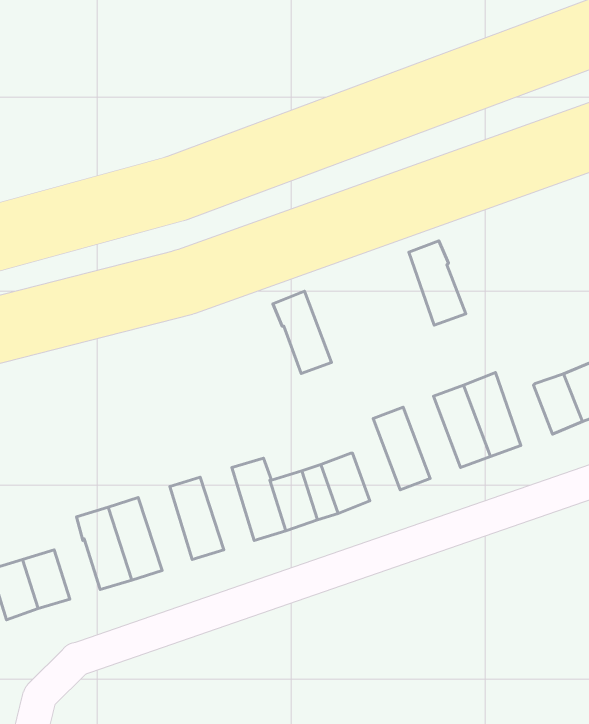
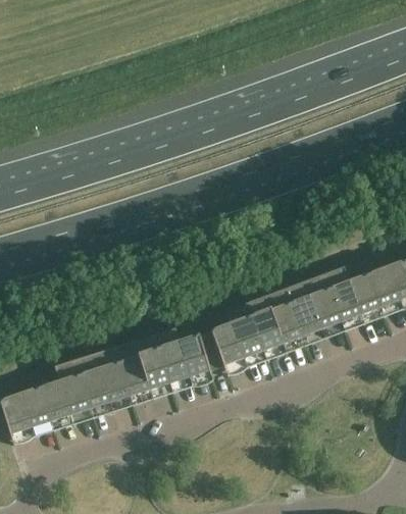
building: [409,241,466,325] -> [325,268,362,322]
building: [273,291,331,374] -> [226,305,264,358]
building: none -> [266,291,303,344]
building: none -> [136,337,170,390]
building: none -> [96,349,131,403]
building: none -> [42,382,71,421]

